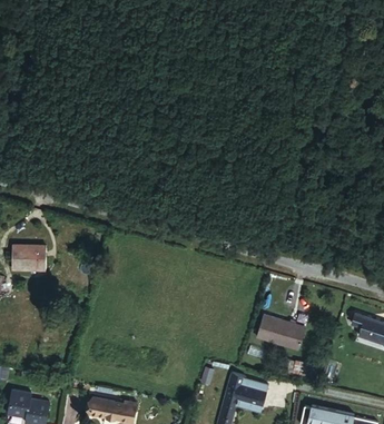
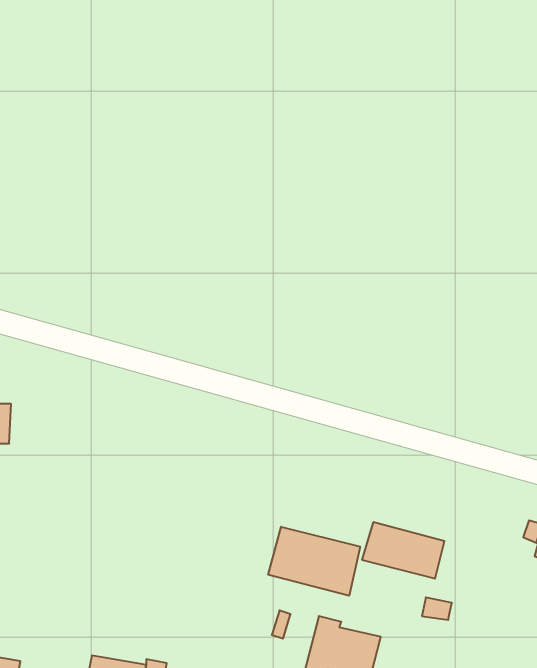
building: none -> [268,527,360,596]

